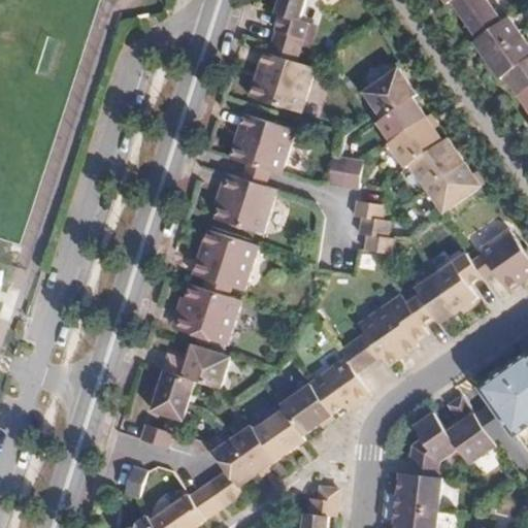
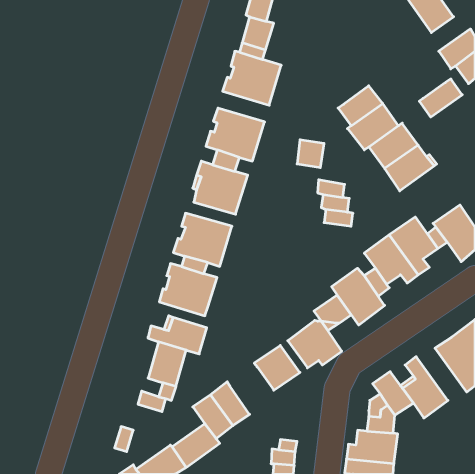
building: [473,14,521,57] -> [419,79,462,117]
building: [362,66,412,116] -> none
building: [255,406,307,459] -> none

